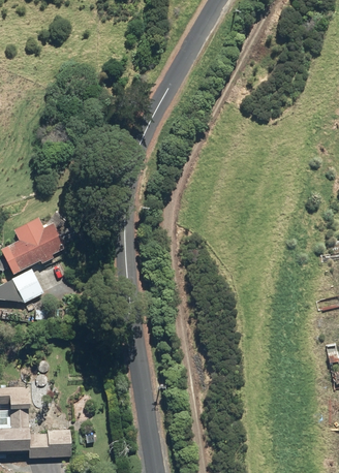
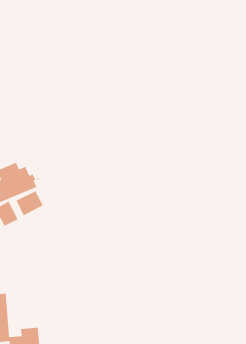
building: none -> [16,190,44,216]

